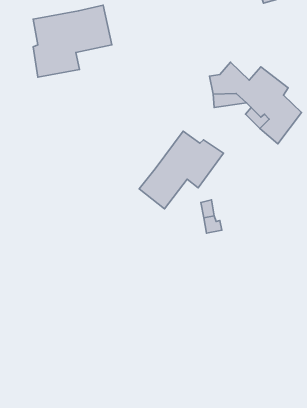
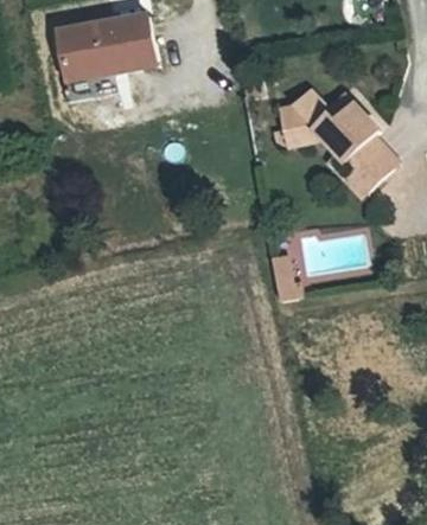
building: [139,131,224,209] -> none

